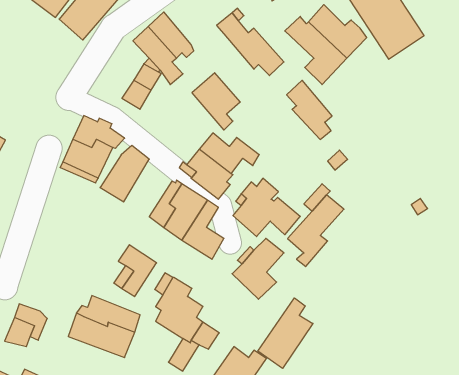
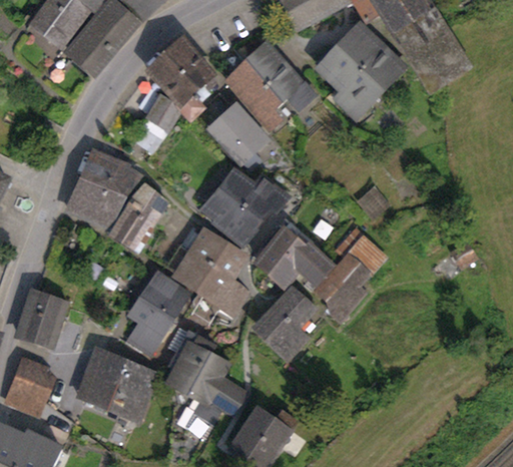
building: [287,80,332,139] -> [231,63,282,128]
building: none -> [144,275,188,316]
building: none -> [17,289,67,345]
building: [258,298,313,368] -> none

